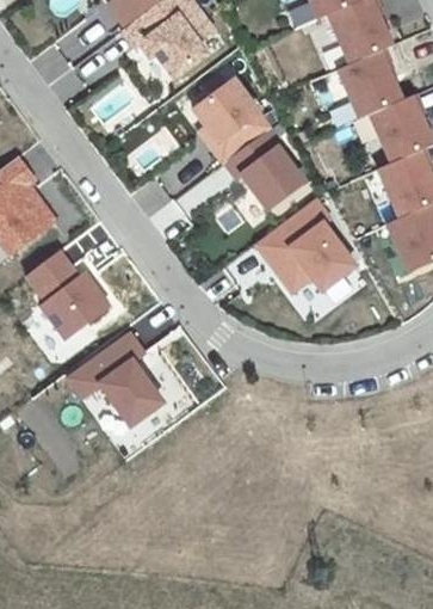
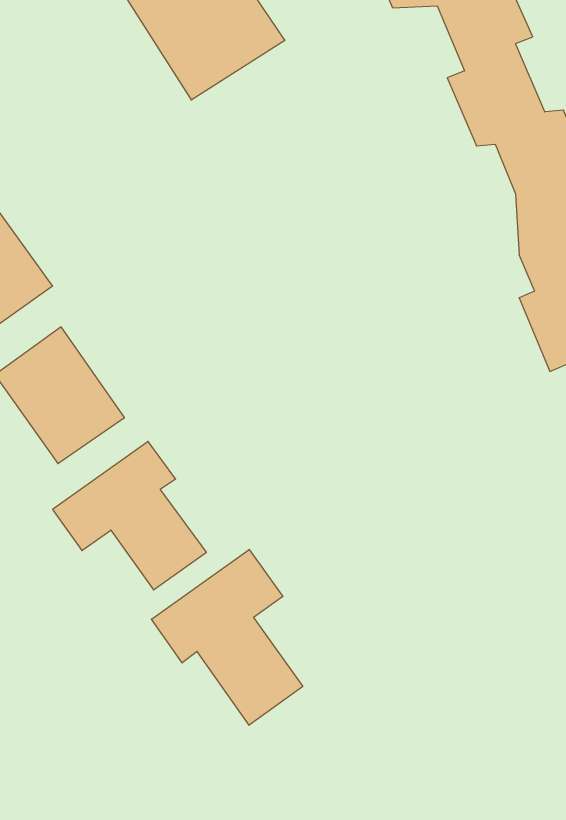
building: [192,76,307,215] -> none
building: [250,197,361,296] -> none
building: none -> [151,549,303,725]

